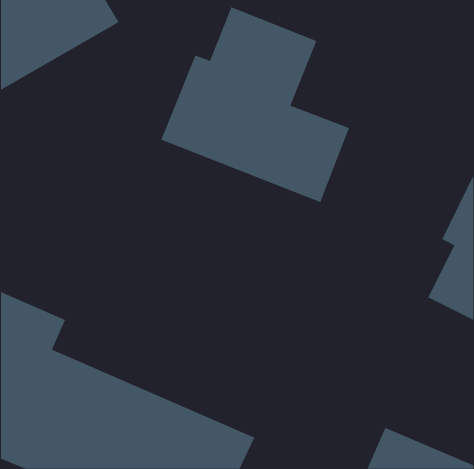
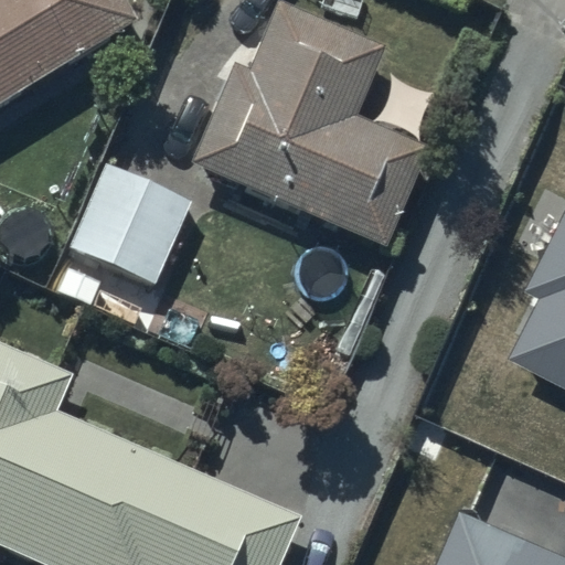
building: none -> [68,162,194,286]

